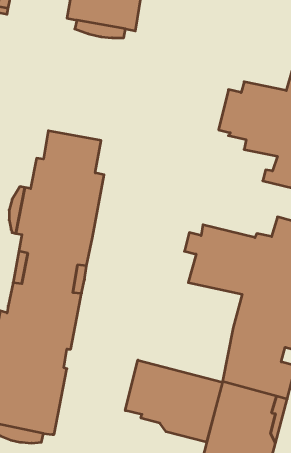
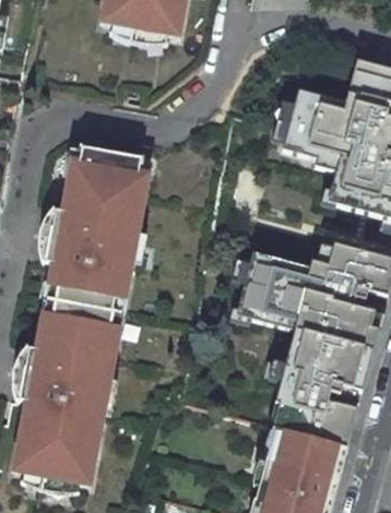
building: [125,360,222,442] -> none

